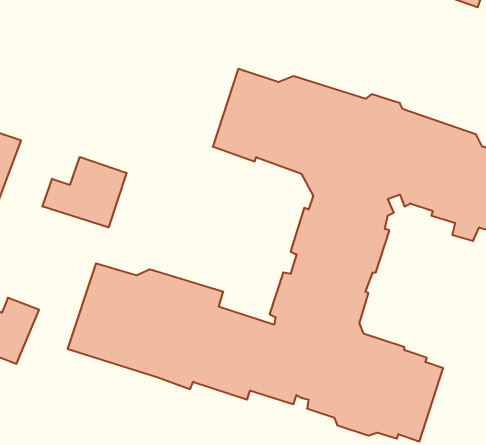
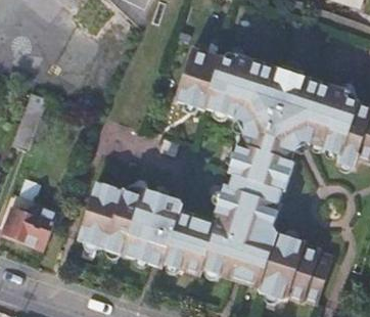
building: [42,157,127,227] -> none

